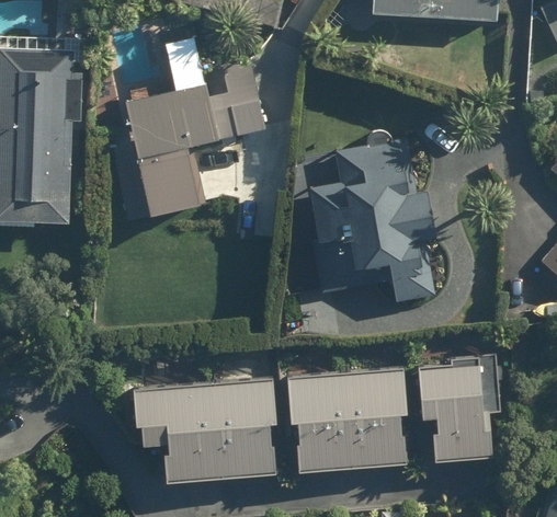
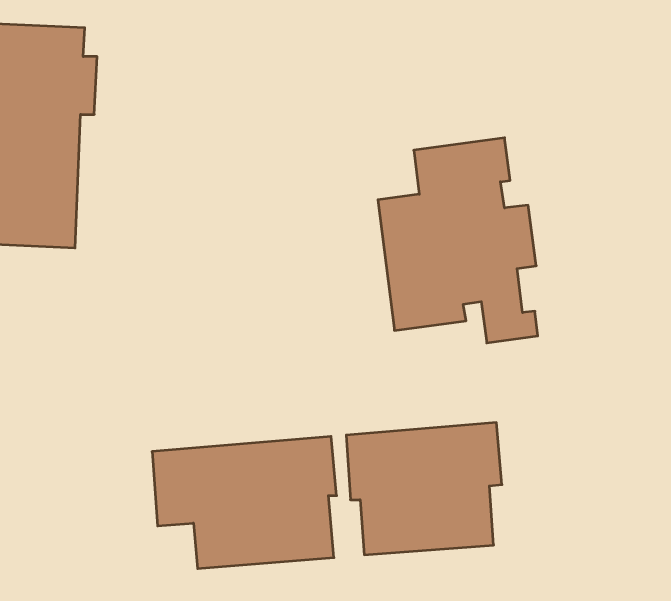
building: [114,38,266,221] -> none
building: [414,359,492,460] -> none

